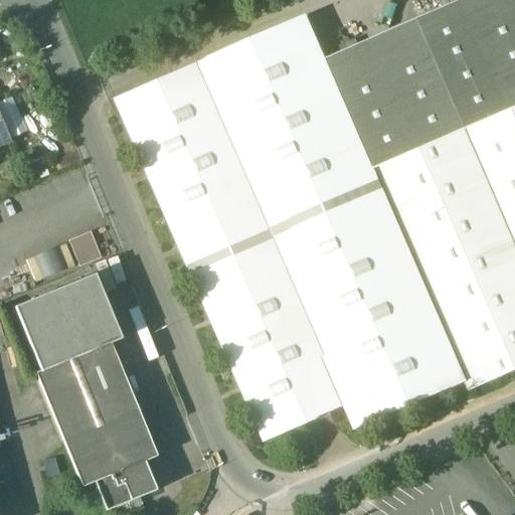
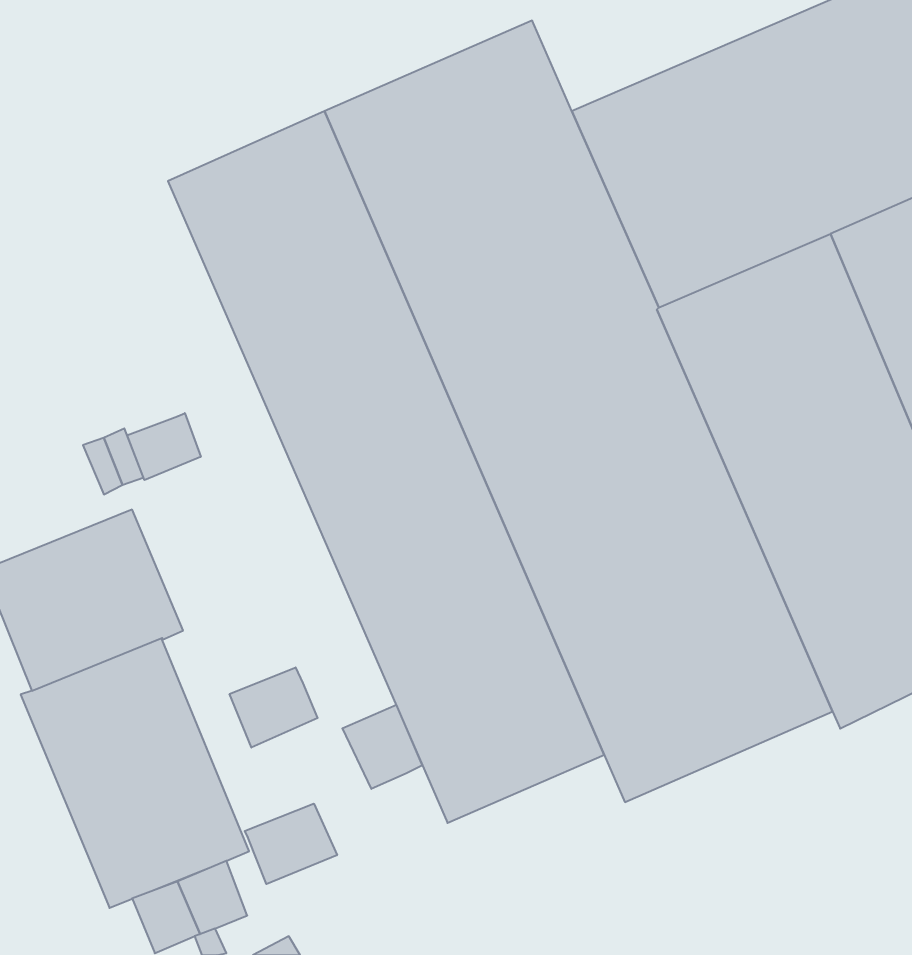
building: none -> [127,413,201,480]
building: none -> [230,667,318,748]
building: none -> [342,705,422,789]
building: none -> [245,804,337,884]

